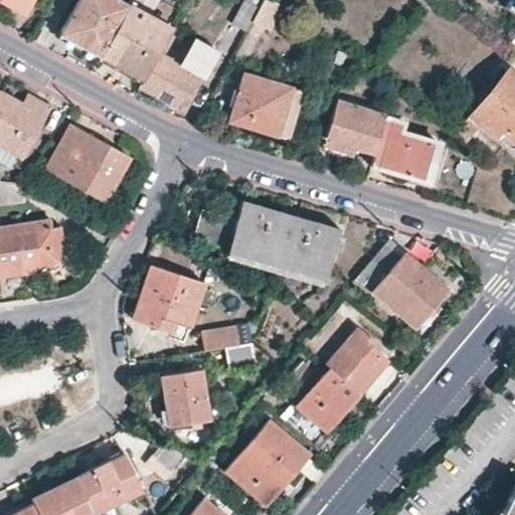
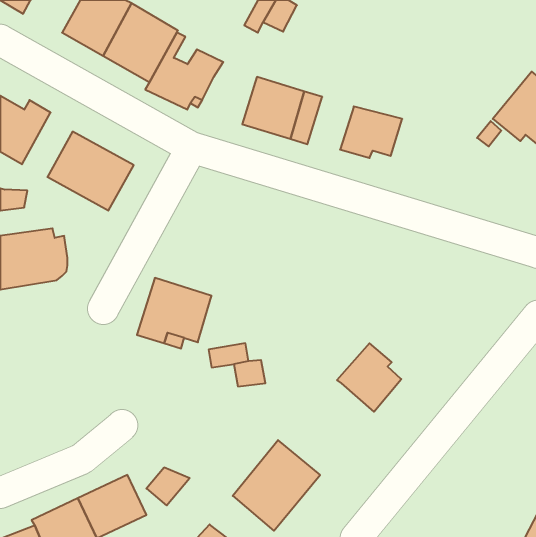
building: [371,115,440,181] -> none
building: [196,199,341,283] -> none
building: [357,245,448,328] -> none
building: [284,367,359,449] -> none
building: [162,370,212,427] -> none

